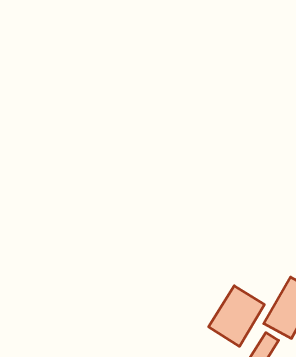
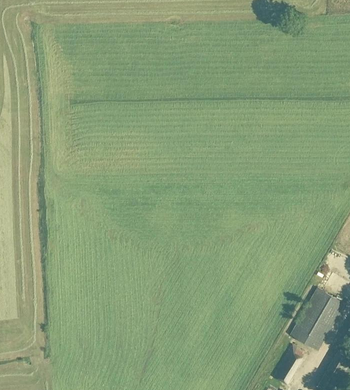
building: [209,286,264,346] -> none

